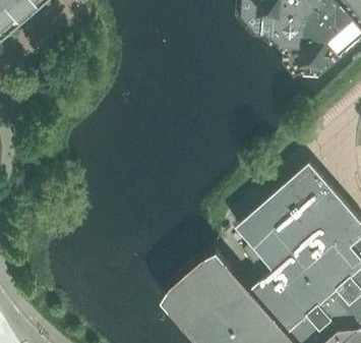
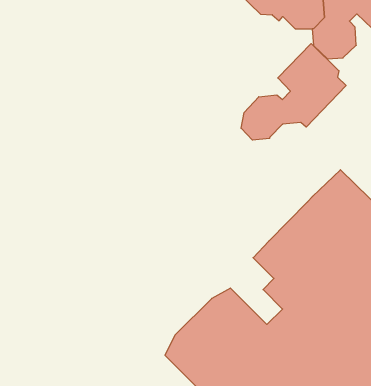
building: none -> [241,44,346,140]

